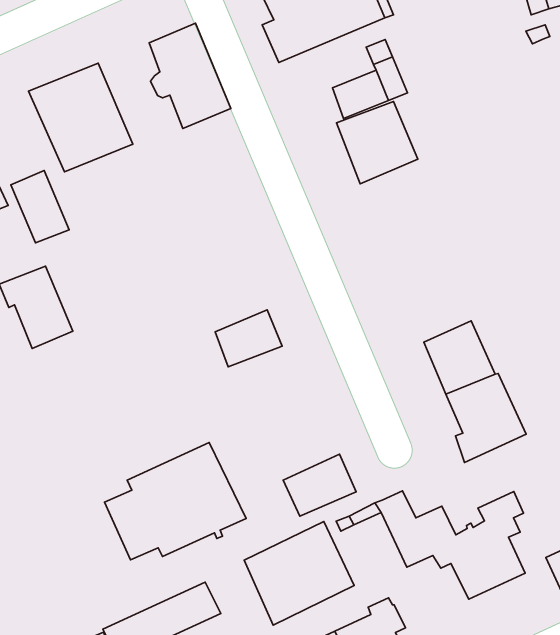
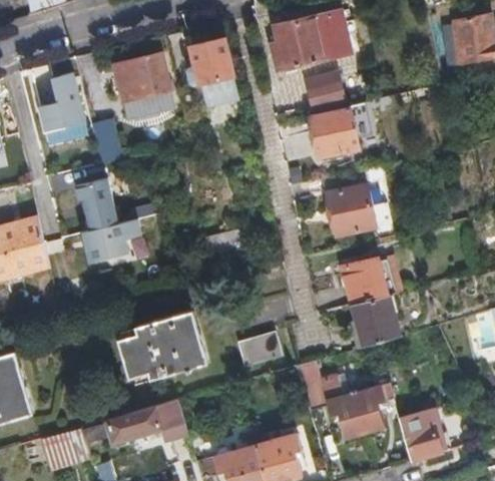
building: none -> [326,184,376,235]
building: none -> [79,218,139,263]
building: [244,521,354,625] -> none

